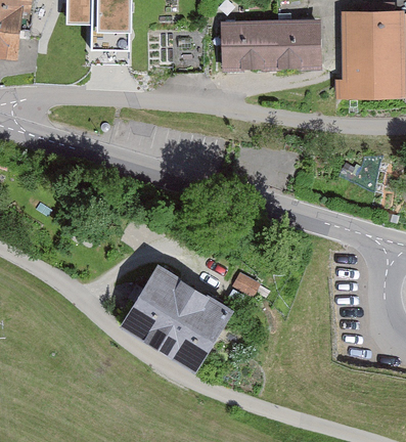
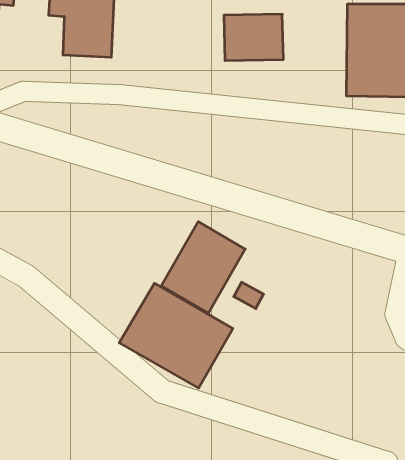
building: [281,20,322,63] -> none
building: none -> [161,222,245,313]

